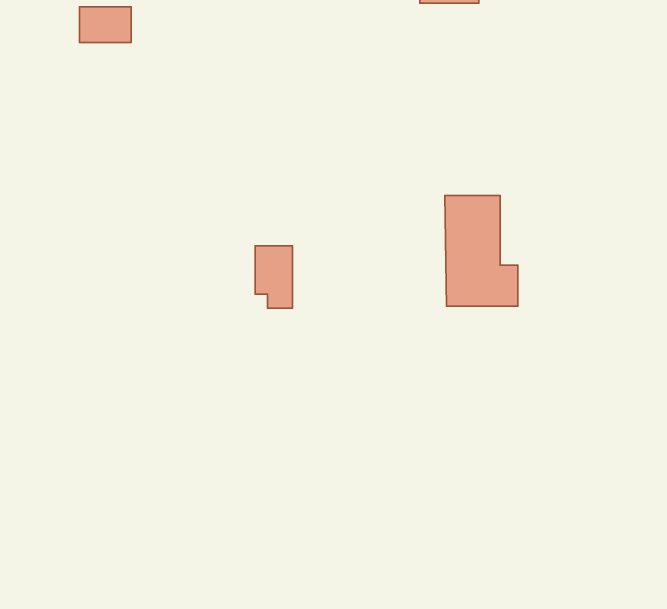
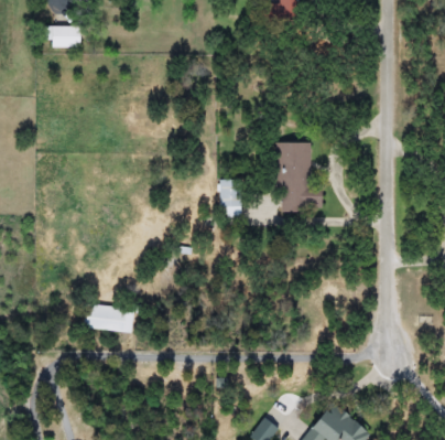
building: [255,246,293,308] -> [219,179,242,217]
building: none -> [83,303,135,333]

